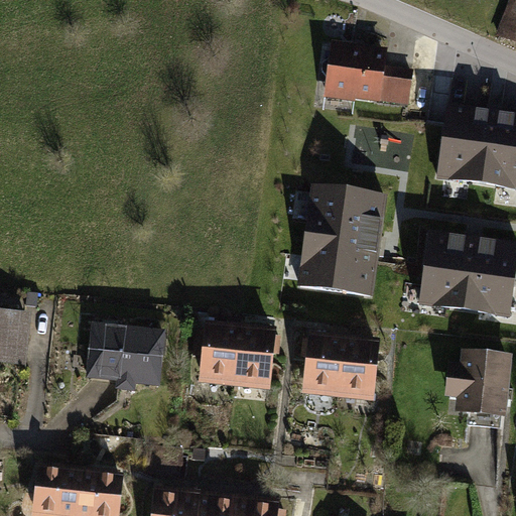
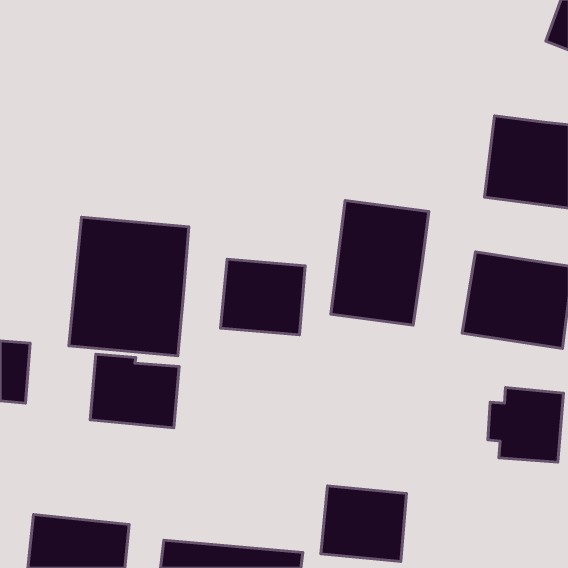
building: [320,44,413,108] -> none
building: none -> [69,217,189,356]
building: [195,321,271,390] -> [220,259,305,335]
building: [299,333,377,401] -> [321,486,407,562]

